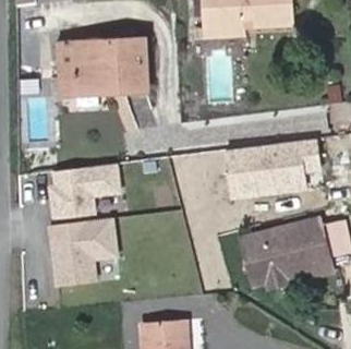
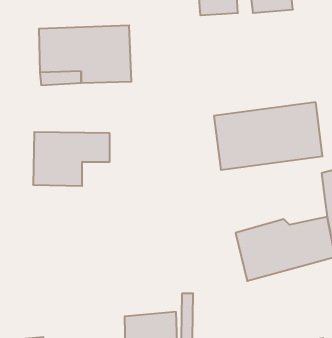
building: [50,201,120,267] -> none

